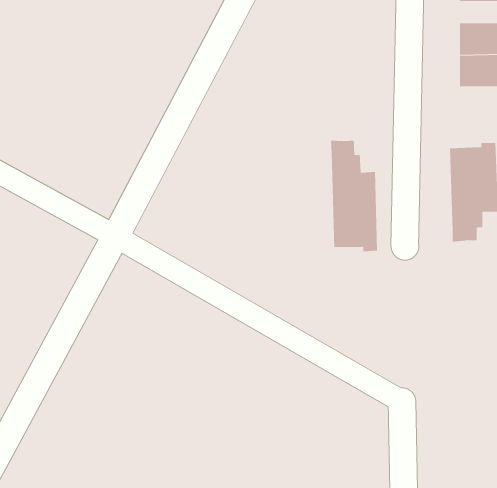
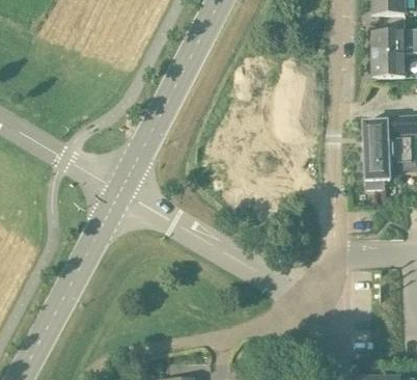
building: [330,140,377,252] -> none

